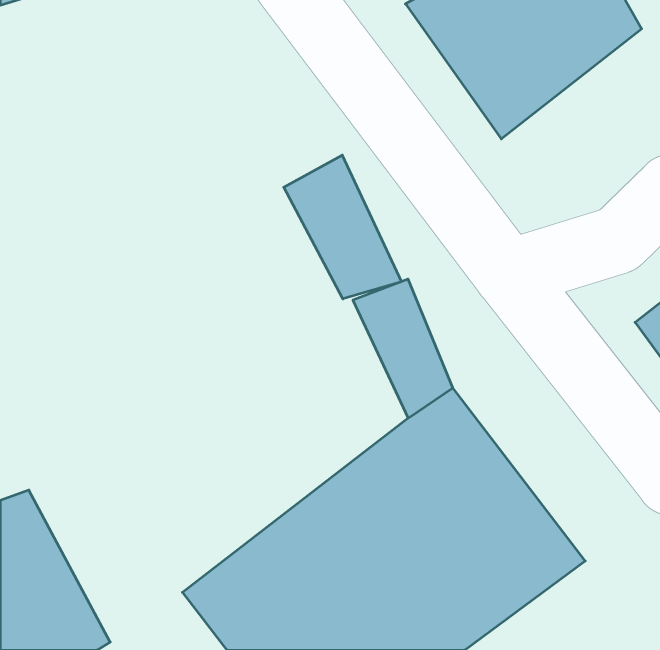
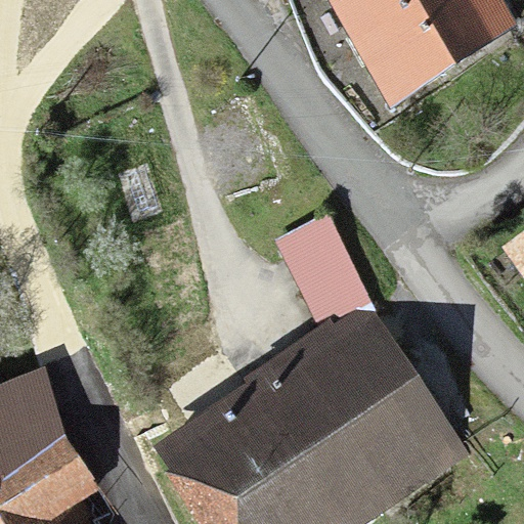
building: [284,155,401,299] -> none

